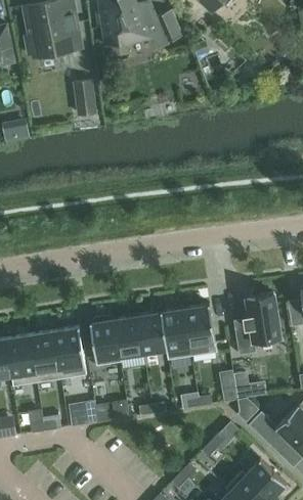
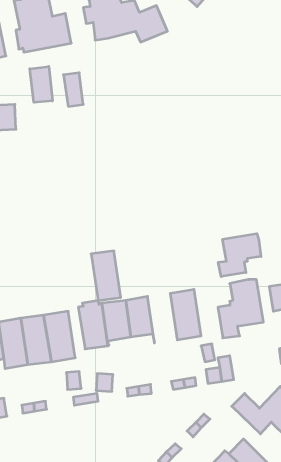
building: none -> [30,66,52,102]
building: none -> [218,234,261,277]
building: [161,309,191,360] -> [91,251,121,300]

